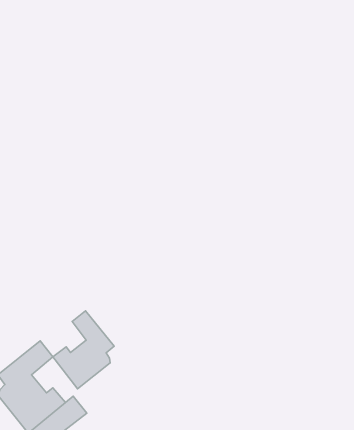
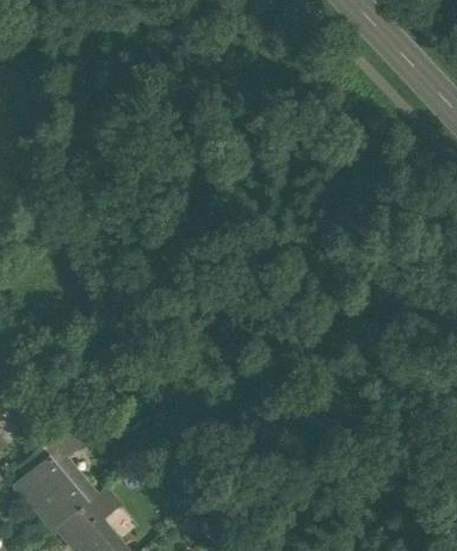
building: [53,311,114,389] -> none

